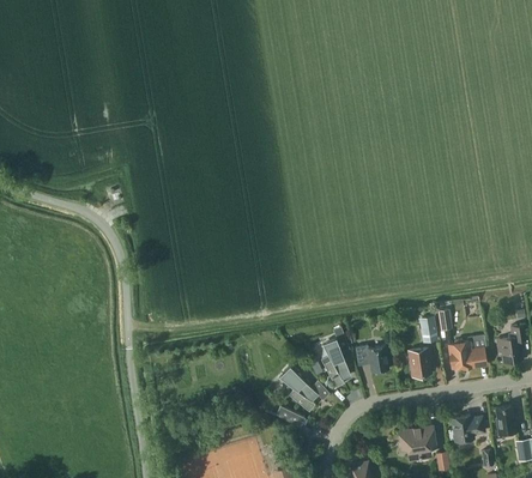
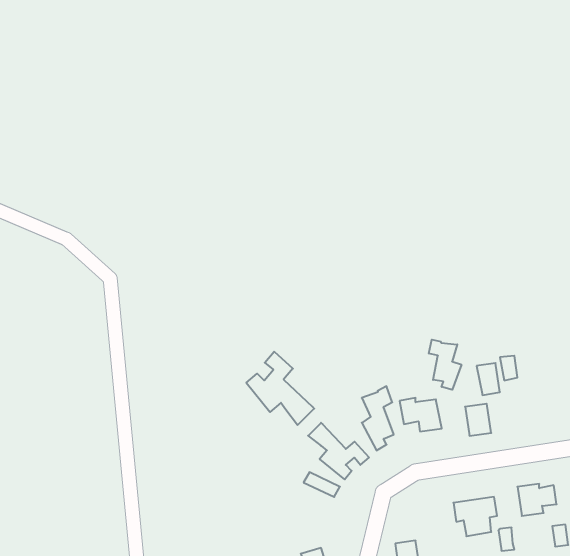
building: none -> [429,340,461,390]
building: none -> [246,352,314,425]
building: [449,339,486,368] -> none

